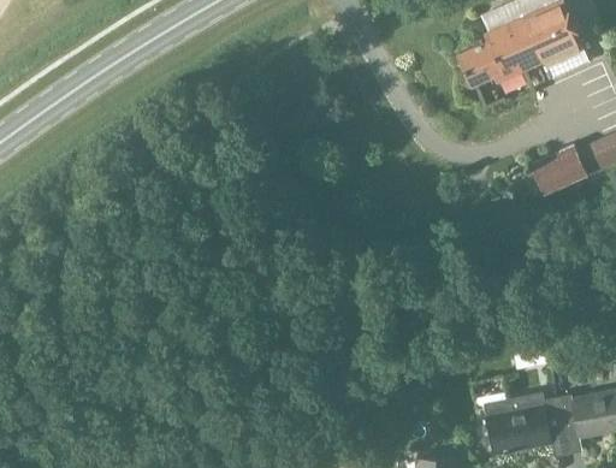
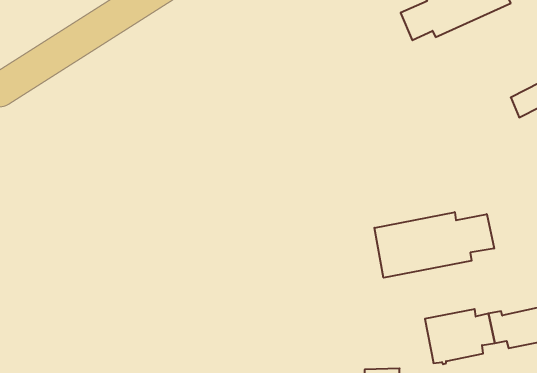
building: [531,147,588,197] -> none
building: none -> [374,212,494,278]

